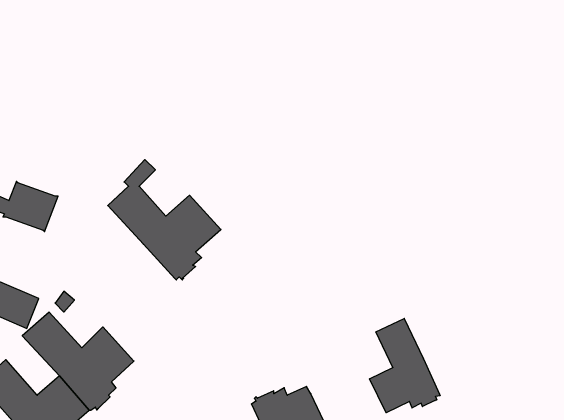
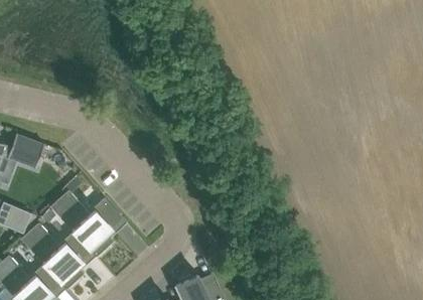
building: [108,160,221,280] -> [50,176,127,258]
building: [370,318,440,413] -> none

